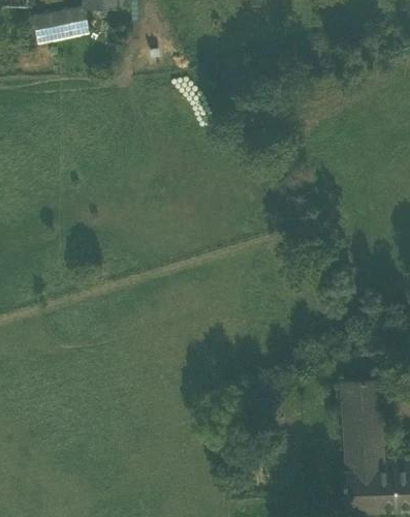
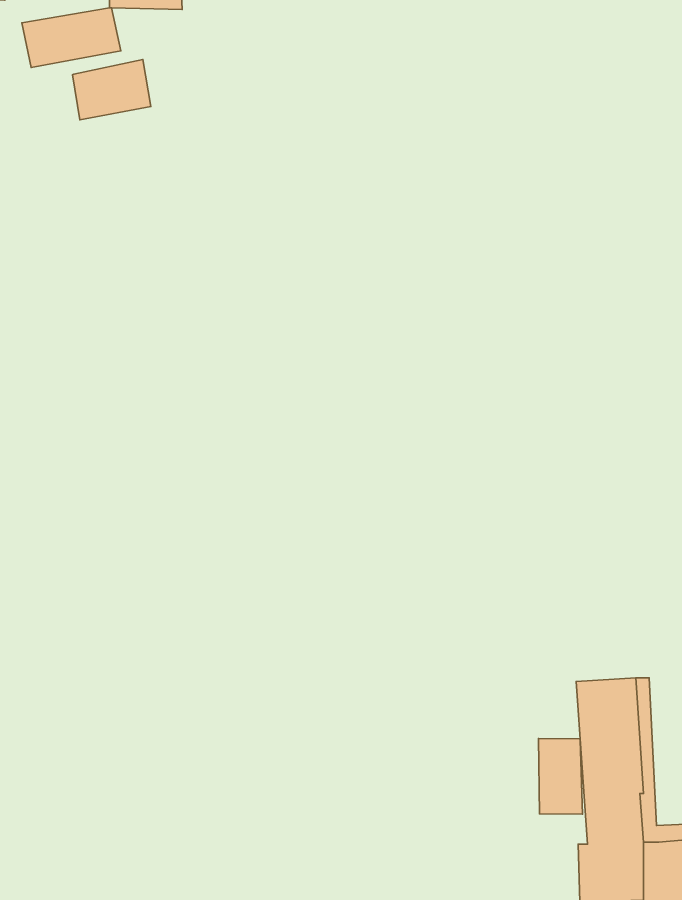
building: none -> [73,60,151,120]
building: none -> [539,738,583,814]

